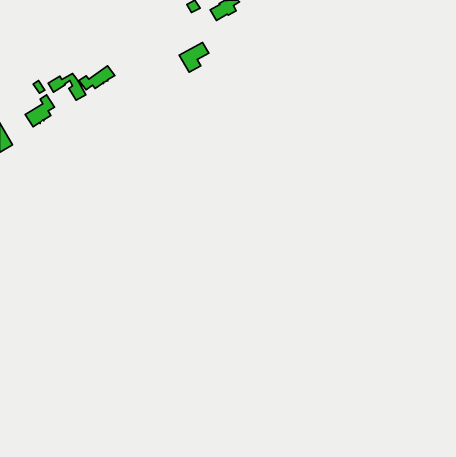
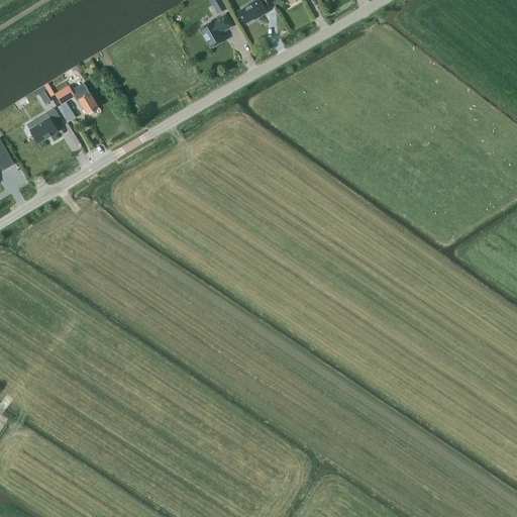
building: [179,42,209,72] -> [199,14,232,47]
building: [79,66,115,90] -> none

